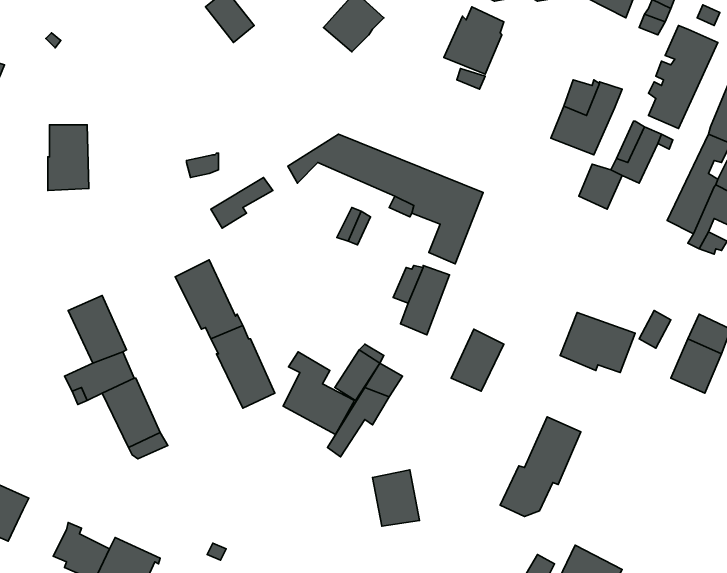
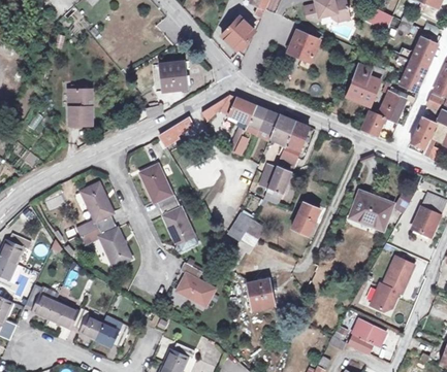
building: none -> [160,62,184,92]
building: [283,352,354,434] -> [177,262,216,307]
building: [500,417,581,516] -> [370,257,414,311]
building: none -> [47,301,79,330]

